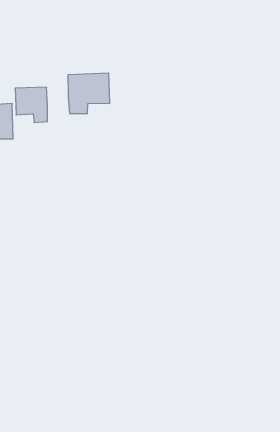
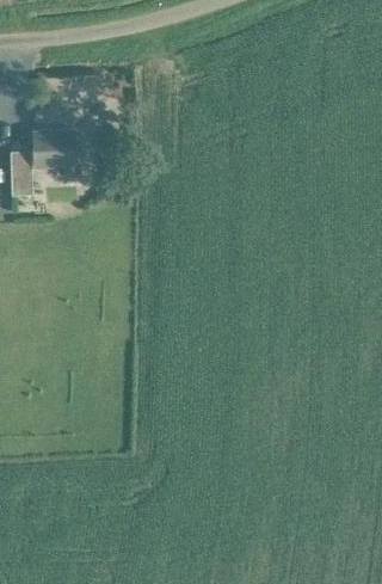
building: [68,73,110,114] -> none

